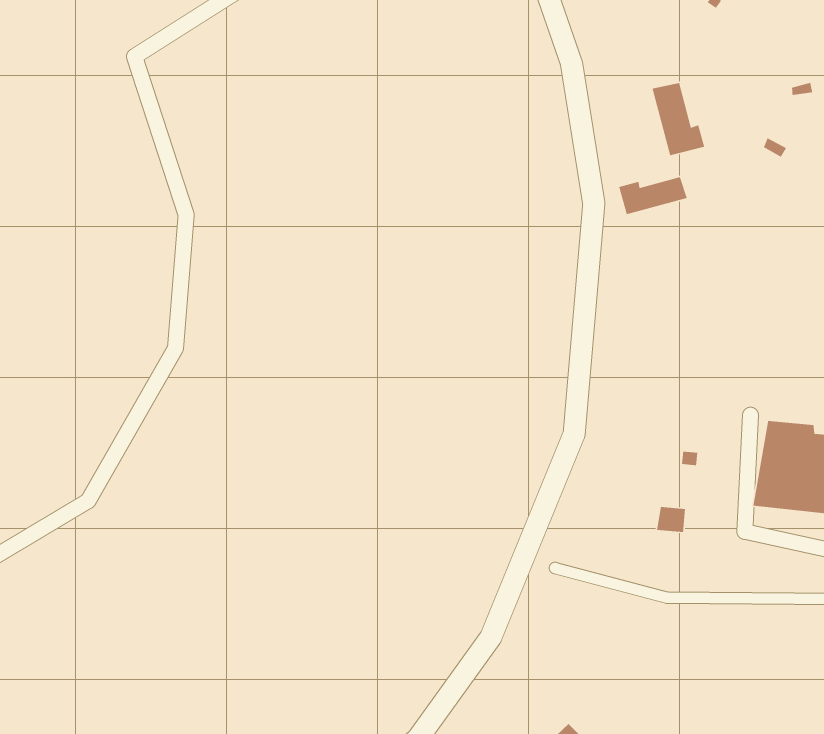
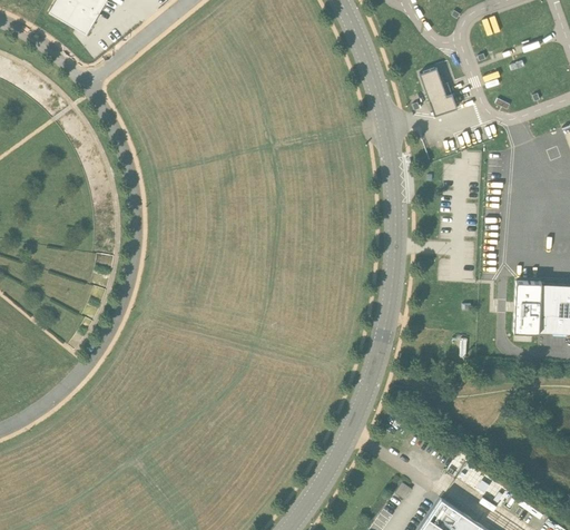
building: [618,176,688,215] -> none

